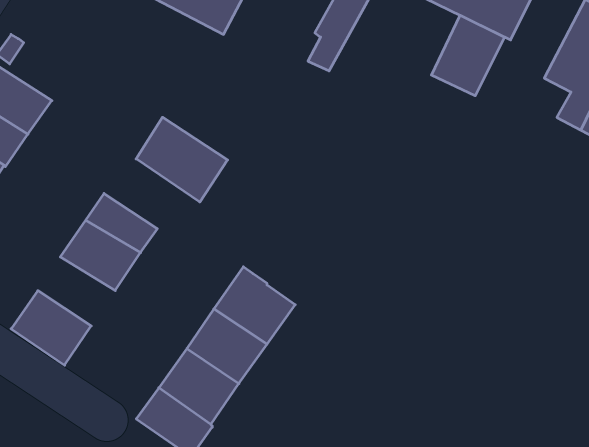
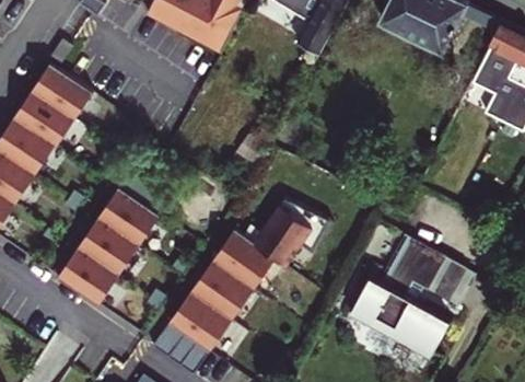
building: [431,15,505,96] -> none
building: [136,117,228,202] -> none
building: none -> [242,200,332,269]
building: none -> [74,224,135,278]
building: none -> [349,239,475,363]

